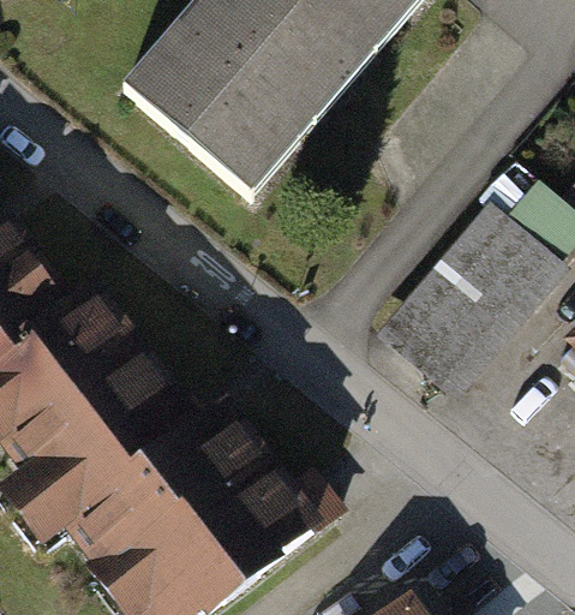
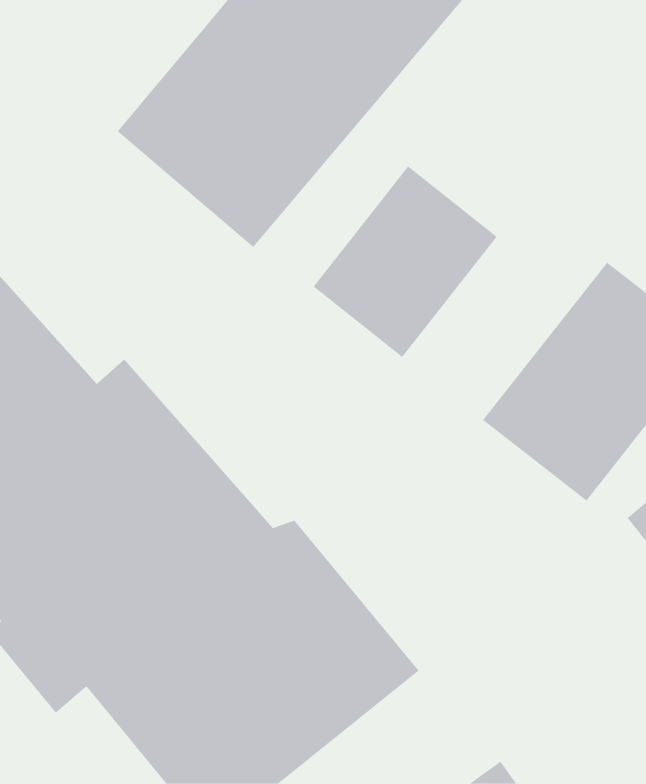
building: none -> [313,166,498,358]

